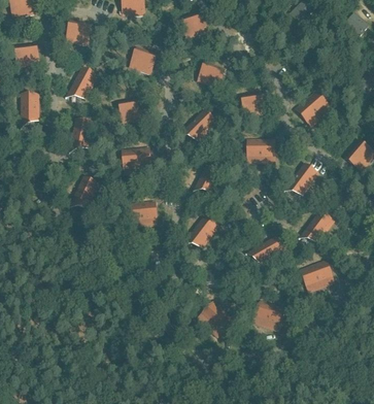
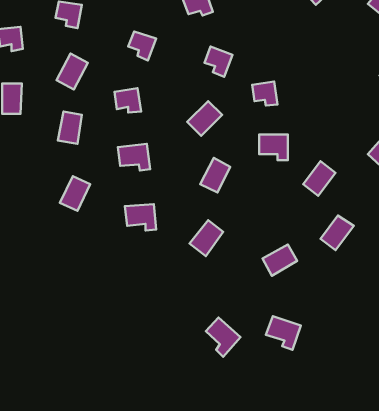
building: [297,92,331,122] -> none
building: [302,262,334,288] -> none

